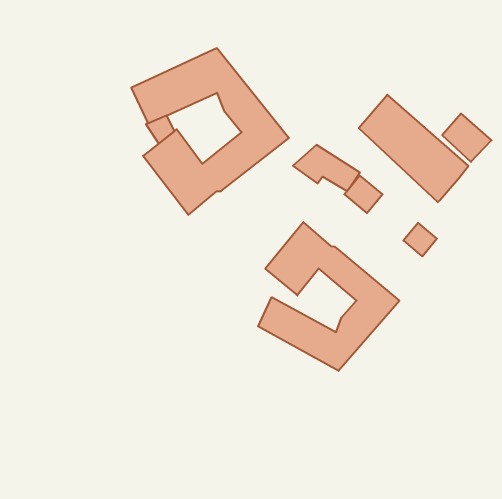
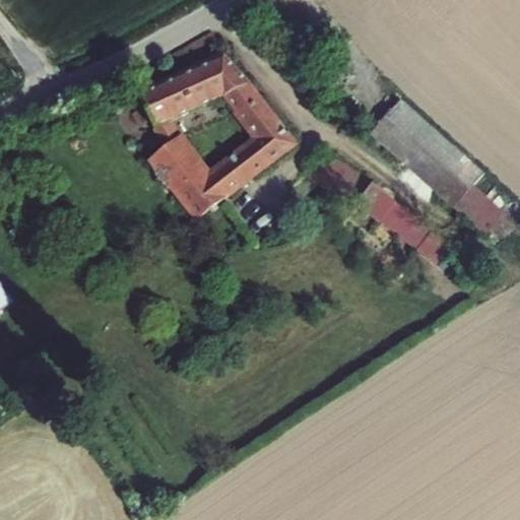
building: [442,114,492,162] -> [453,184,504,234]
building: none -> [378,200,429,247]
building: [258,222,399,371] -> none

